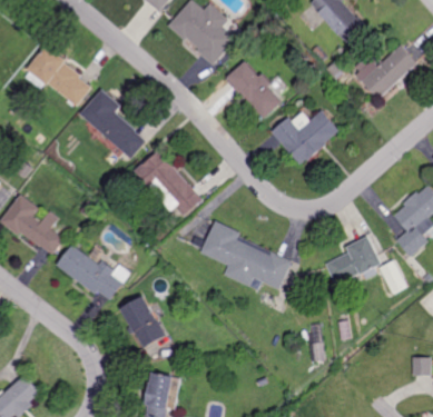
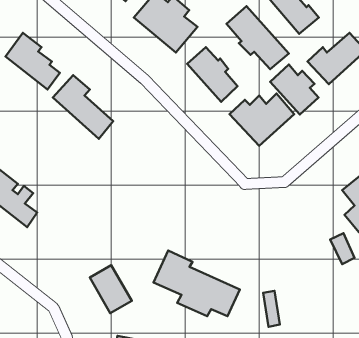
building: none -> [227,6,289,69]
building: none -> [270,65,319,115]
building: [134,149,203,220] -> none
building: [198,218,292,289] -> [154,251,240,316]
building: [323,235,381,285] -> none
building: [55,241,124,298] -> none

